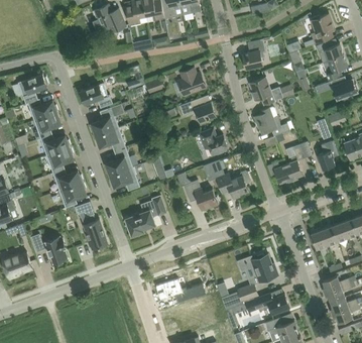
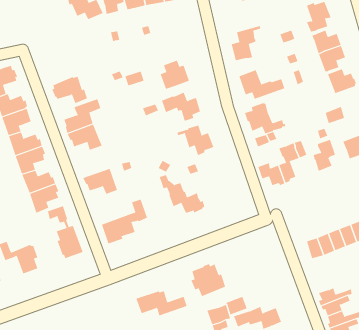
building: [105,146,133,176] -> none
building: [217,170,251,199] -> none
building: [246,253,278,283] -> [191,264,226,297]

